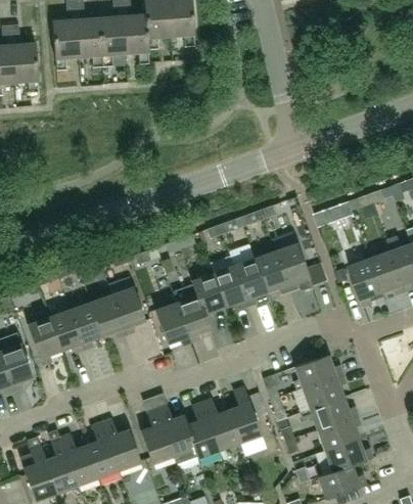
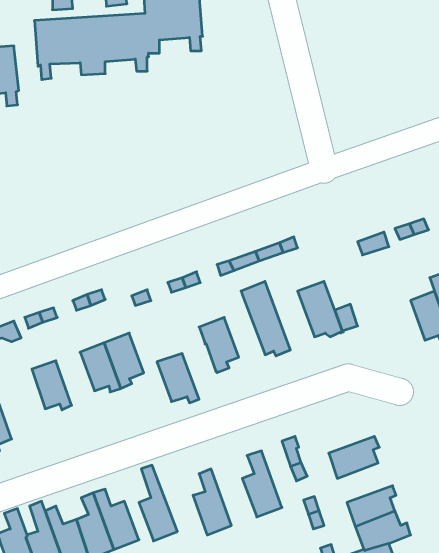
building: [254,250,289,292] -> none
building: [208,254,247,308] -> none
building: [350,259,383,306] -> none
building: [173,286,212,342] -> none
building: [70,303,102,348] -> none
building: [27,317,60,363] -> none
building: [292,355,340,391] -> none
building: [151,395,197,464] -> none
building: [309,397,356,430] -> none
building: [201,399,240,450] -> none

